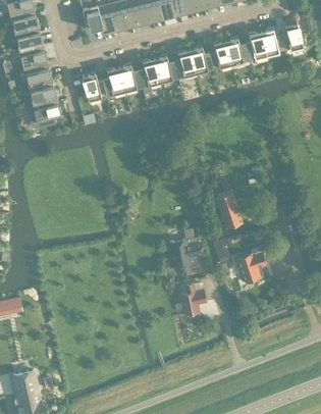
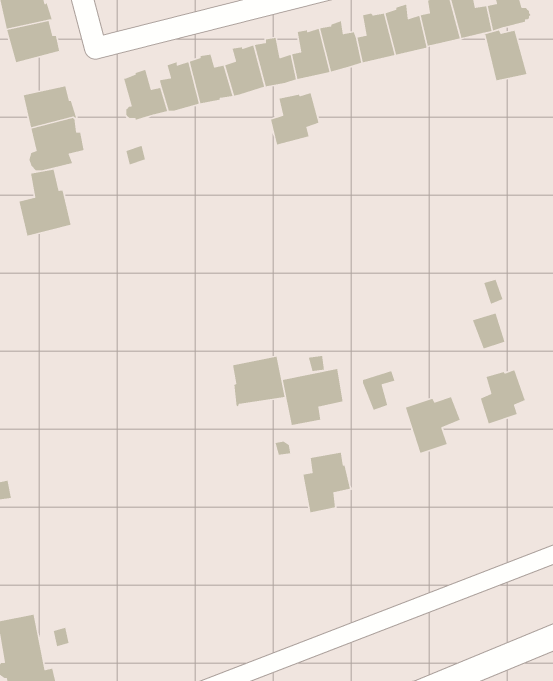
building: none -> [483,30,527,81]
building: [23,64,52,88] -> none
building: none -> [270,92,320,145]
building: none -> [18,169,72,236]
building: [216,193,242,228] -> none
building: none -> [232,356,285,407]
building: none -> [480,369,526,425]

